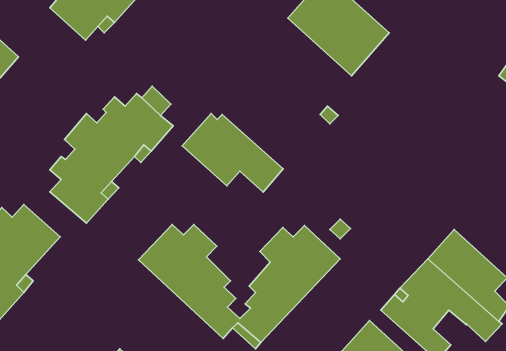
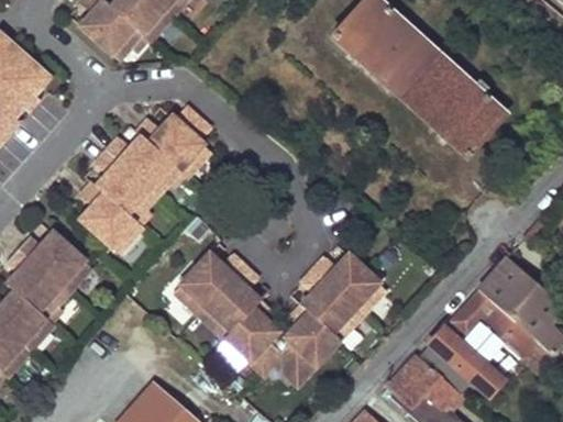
building: none -> [398,52,505,157]
building: [182,114,283,192] -> none

